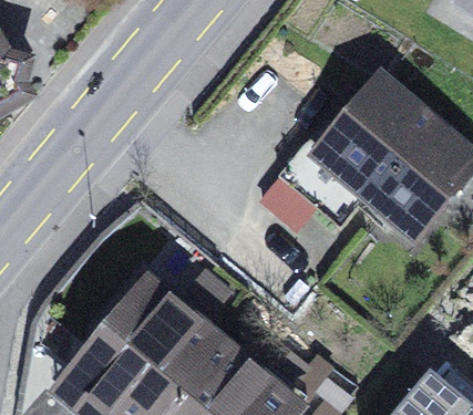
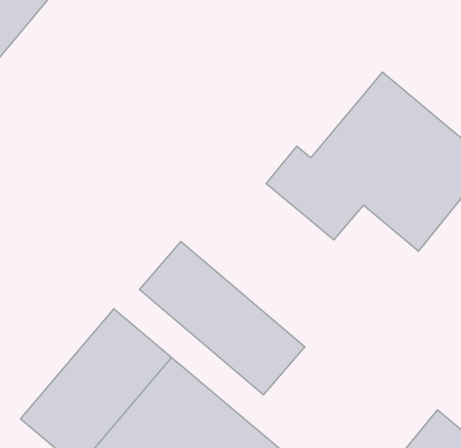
building: none -> [140,241,305,395]

